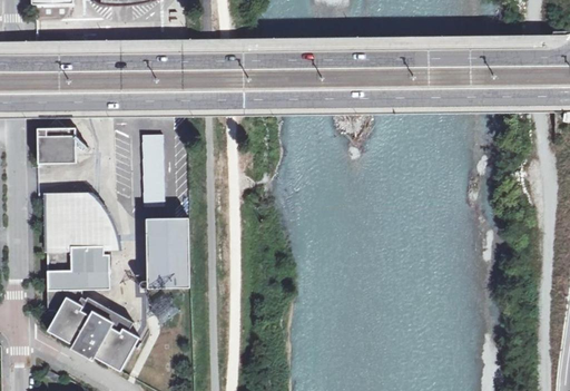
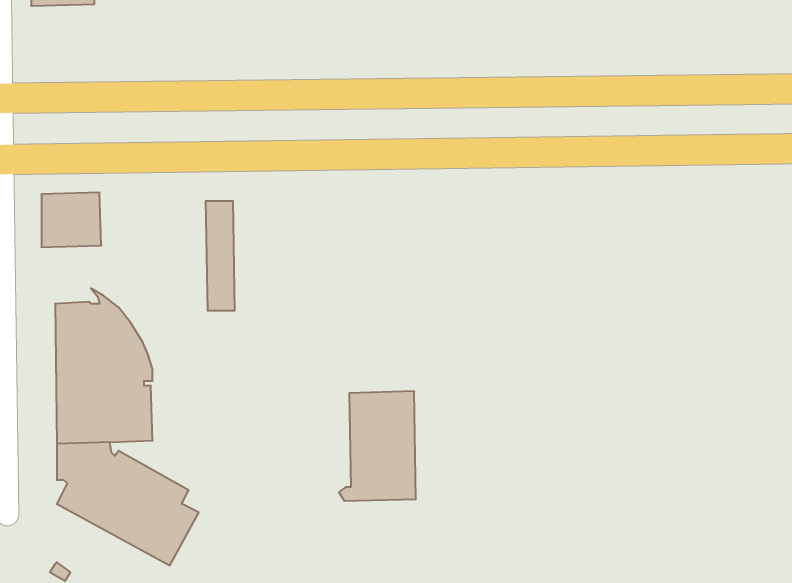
building: [139,218,189,290] -> [339,391,416,501]

